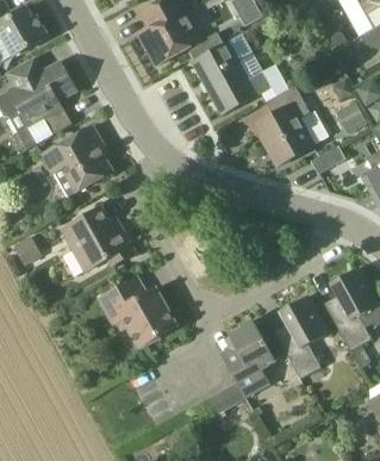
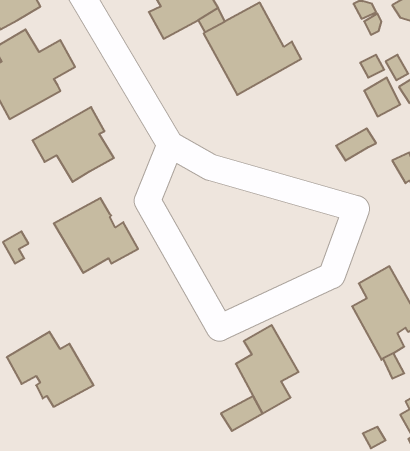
building: [260,85,316,166] -> none
building: [98,278,175,344] -> [7,332,94,407]
building: [273,294,328,378] -> none

